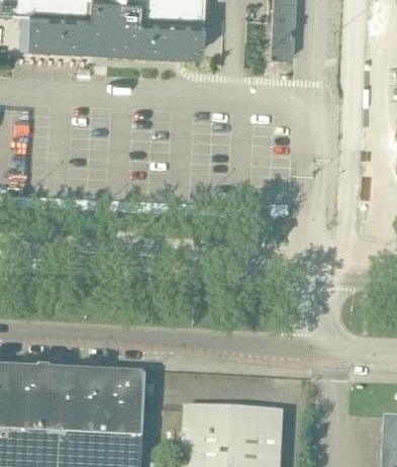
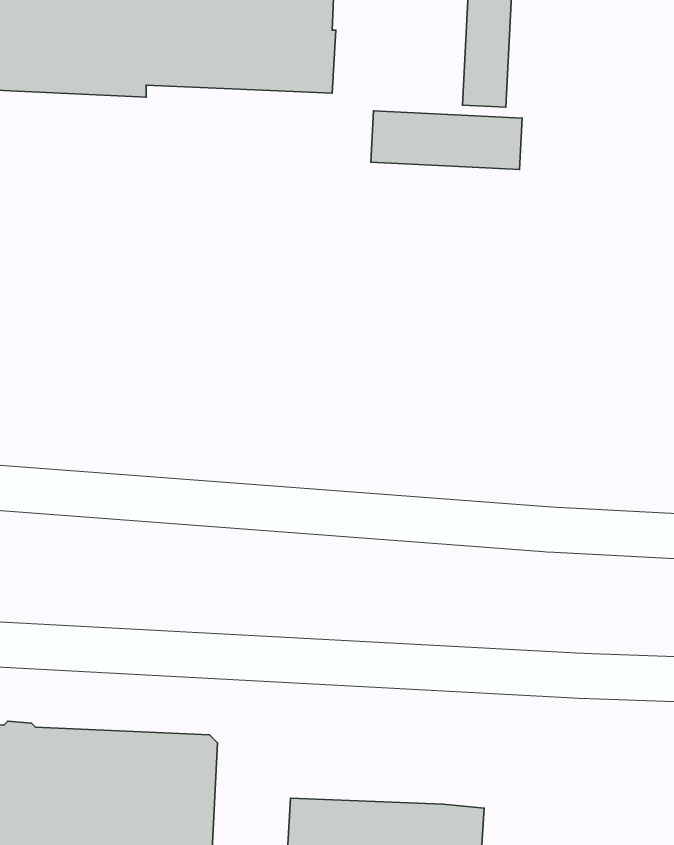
building: none -> [371,111,522,170]

